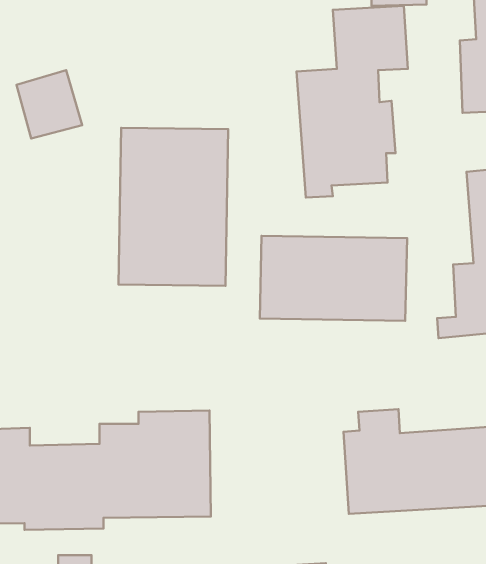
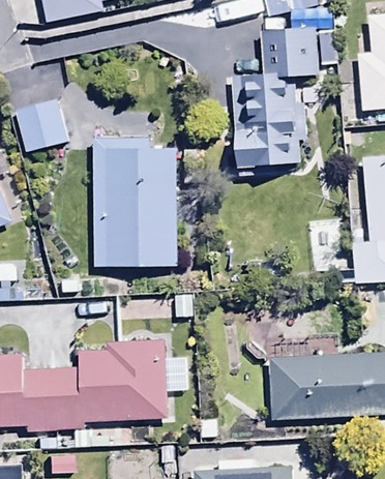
building: [260,236,407,321] -> none

